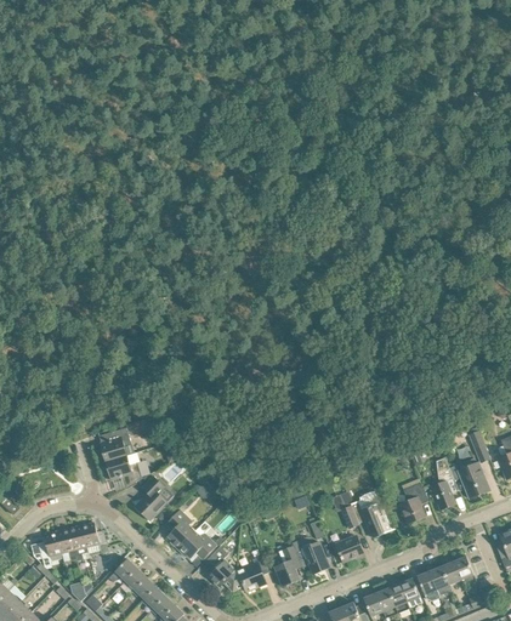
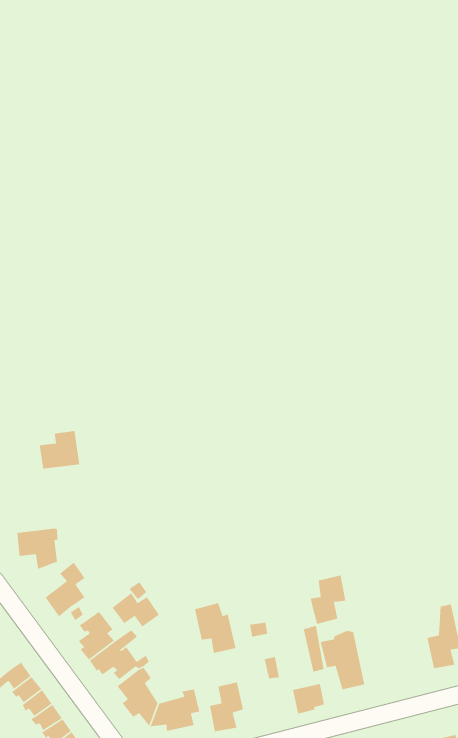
building: [100,427,134,461] -> [39,430,80,470]
building: [399,482,427,523] -> [310,575,346,625]
building: none -> [112,592,160,627]
building: [291,534,329,574] -> [194,602,237,654]

